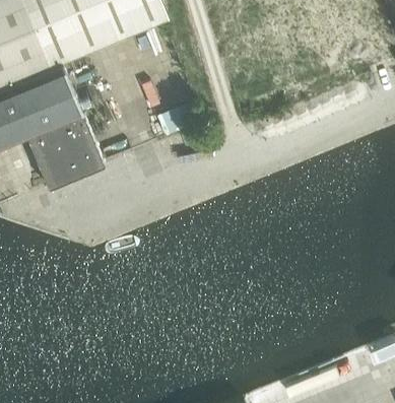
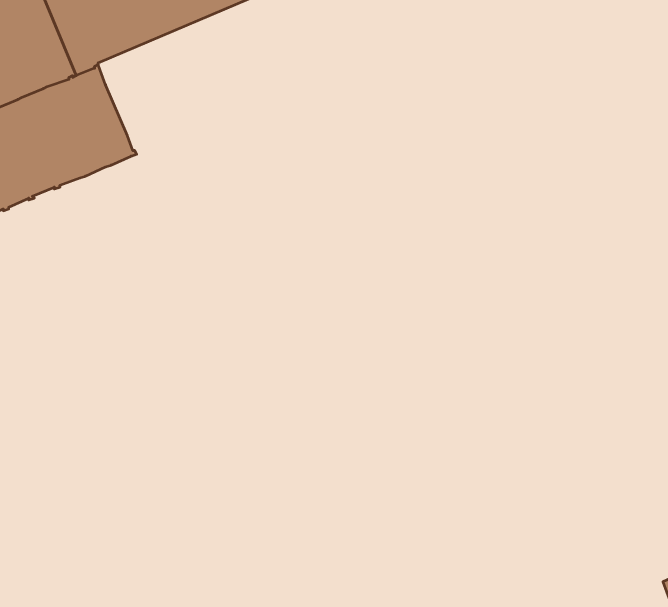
building: [25,116,105,193] -> none

